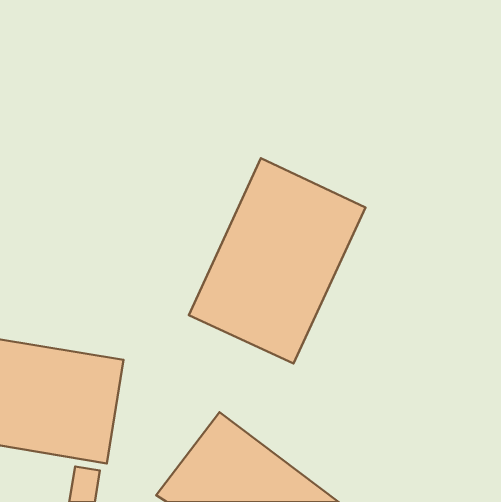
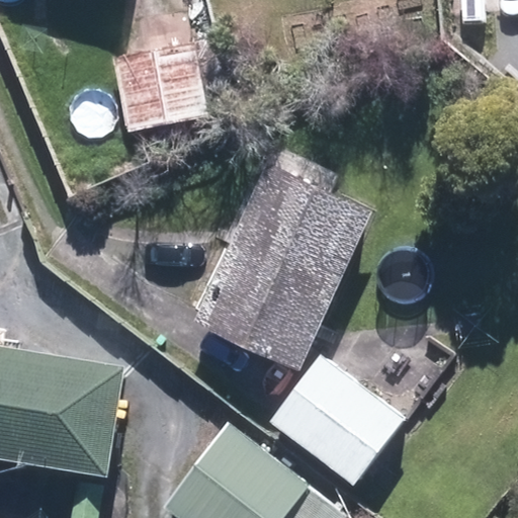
building: none -> [111,41,207,132]
building: none -> [270,356,403,486]

